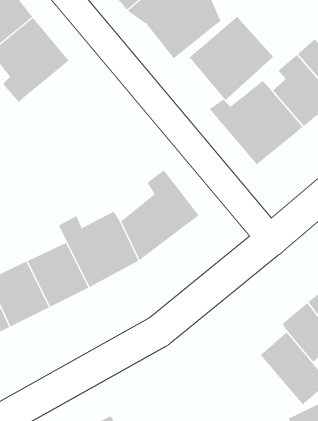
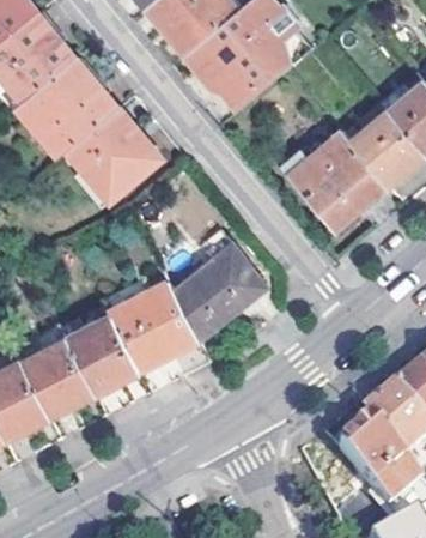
building: [189,15,274,101] -> none
building: none -> [68,110,159,201]

